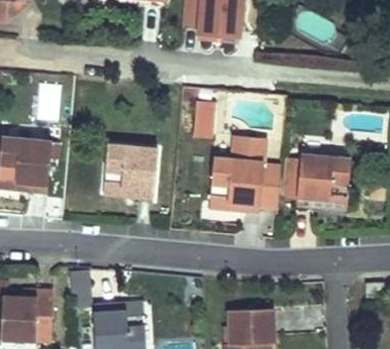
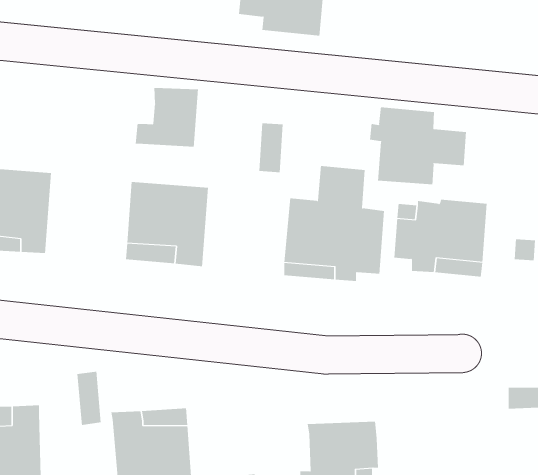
building: none -> [135,87,198,148]
building: none -> [369,107,467,185]

